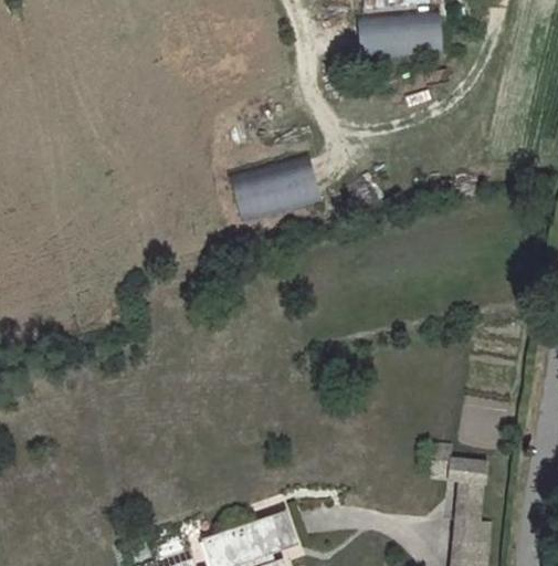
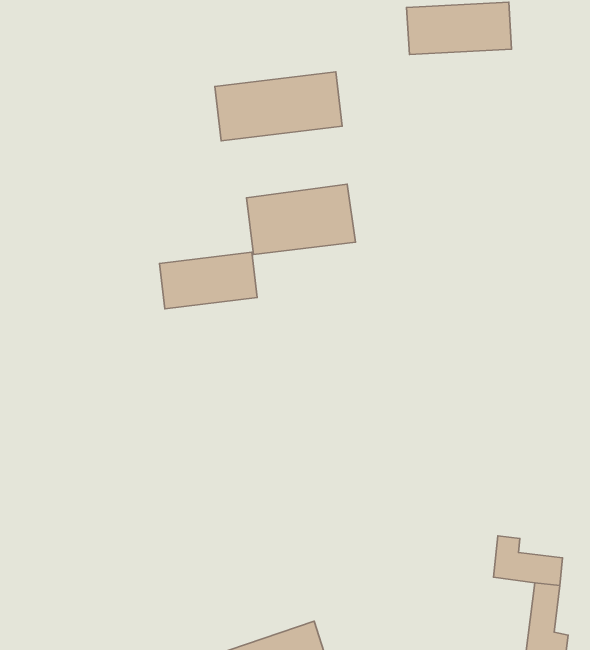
building: none -> [215,72,342,141]
building: none -> [159,252,257,309]

